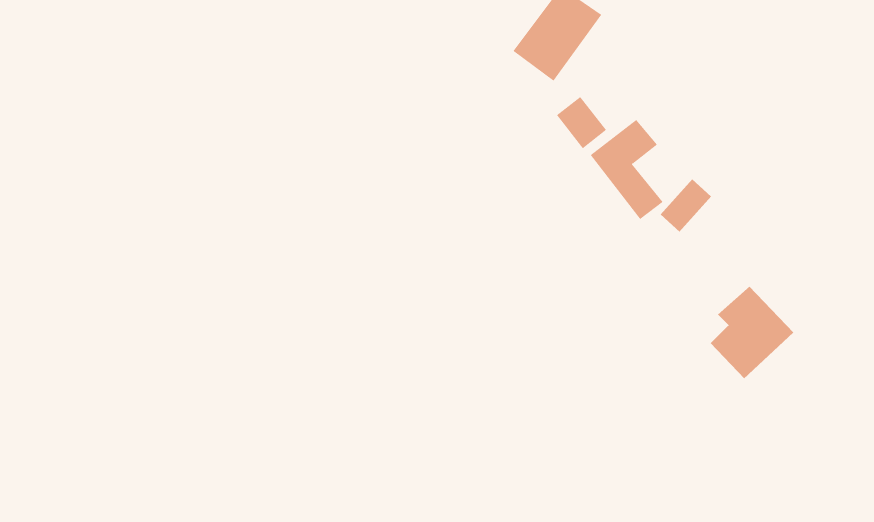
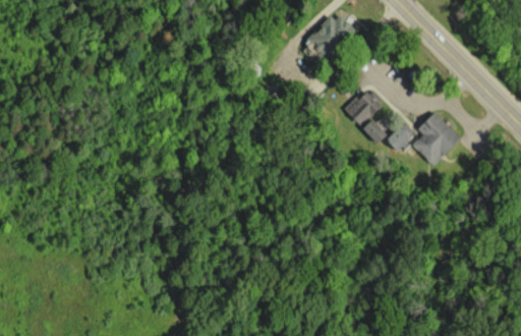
building: [556,96,607,149] -> none
building: [710,286,794,379] -> [413,112,461,165]

